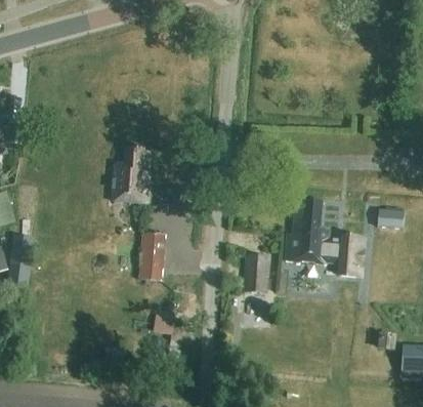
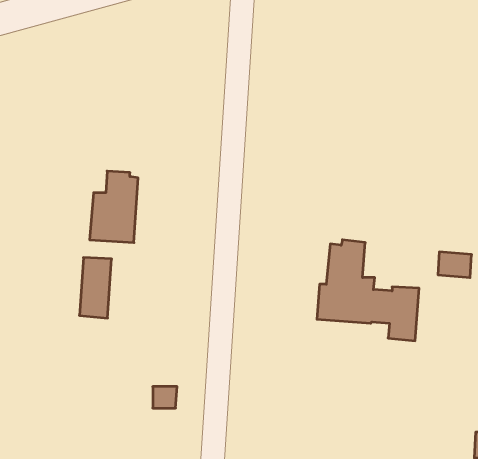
building: [140,234,165,280] -> [79,258,112,318]
building: [244,254,268,287] -> none

